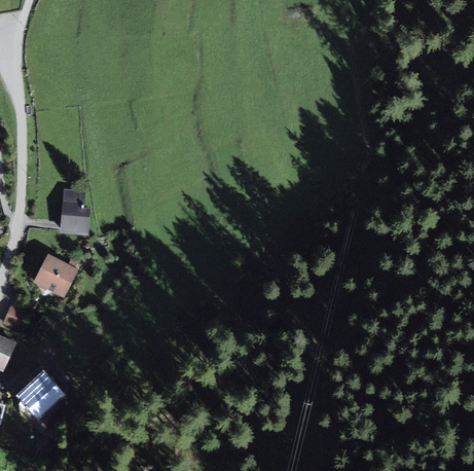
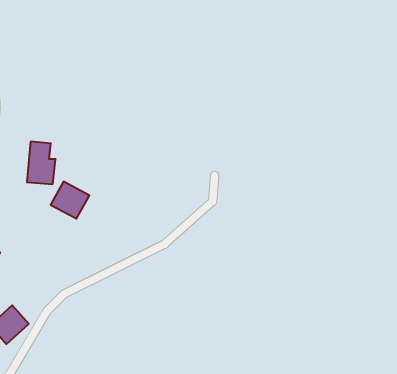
building: [33,253,76,294] -> [51,182,89,219]

